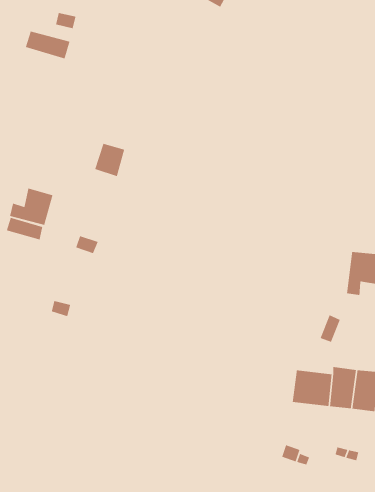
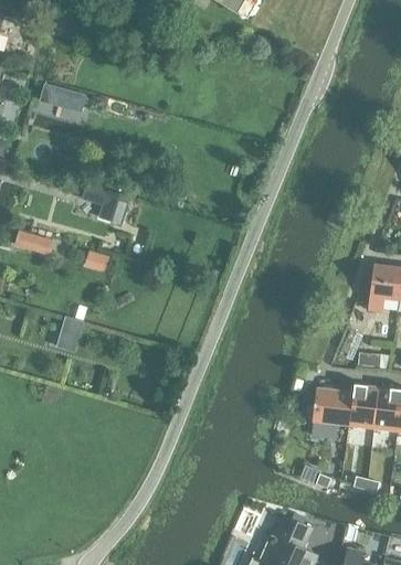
building: [25,31,71,59] -> [38,84,85,114]
building: [94,143,125,177] -> [97,191,129,226]
building: [9,188,53,226] -> none

